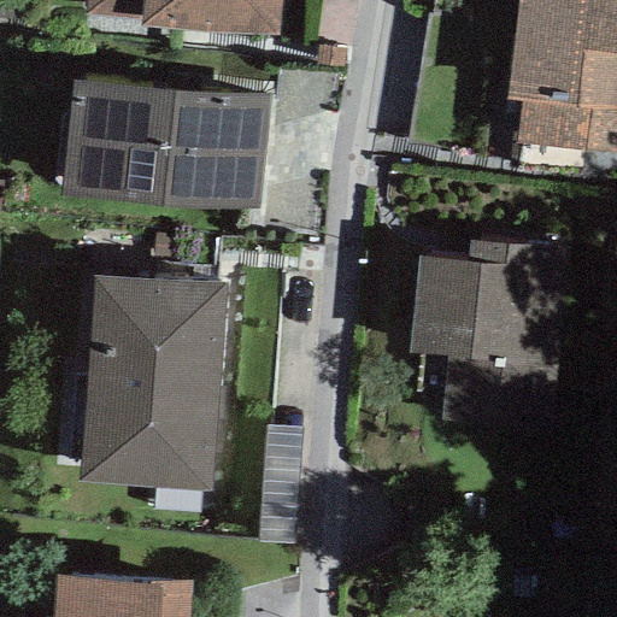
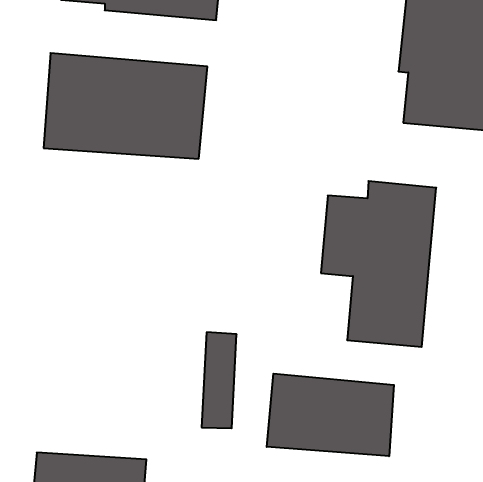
building: [83,275,229,492] -> none
building: none -> [267,374,394,456]

